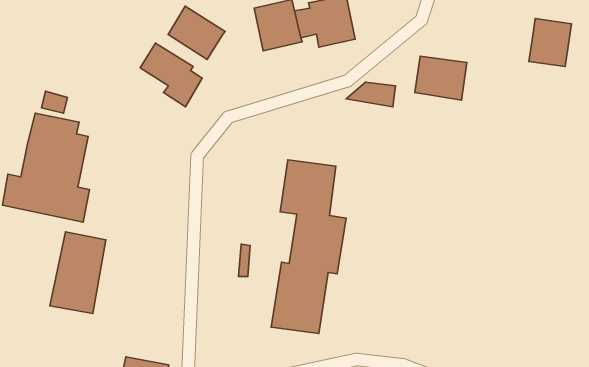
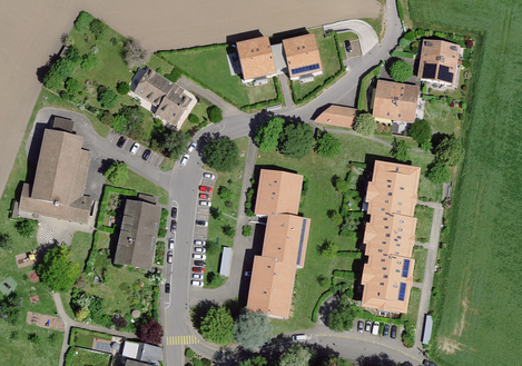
building: [168,6,225,59] -> none
building: [529,19,572,67] -> [417,41,454,82]
building: none -> [357,161,414,310]
building: [50,232,106,314] -> [114,200,161,270]

